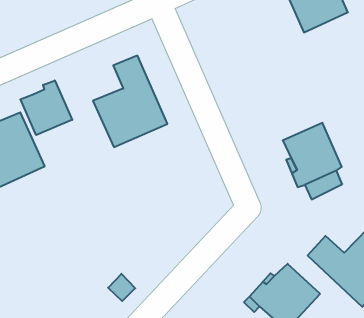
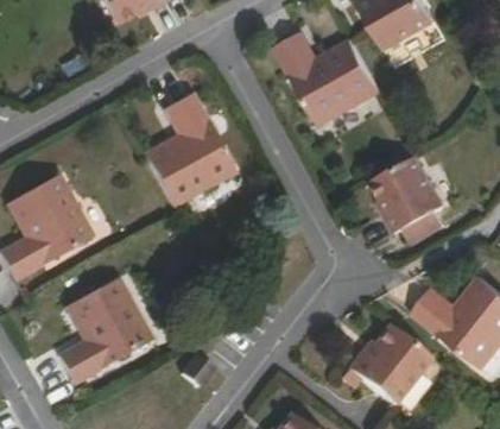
building: none -> [277,32,382,124]
building: [20,80,72,135] -> none
building: none -> [59,279,152,383]

